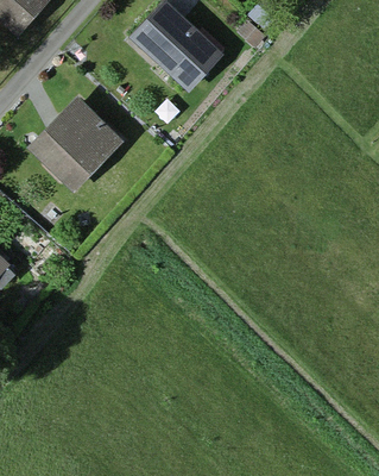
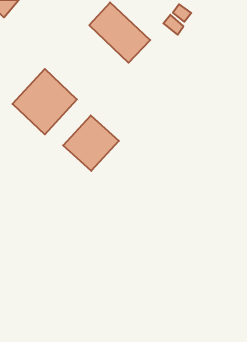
building: none -> [63,115,119,171]

